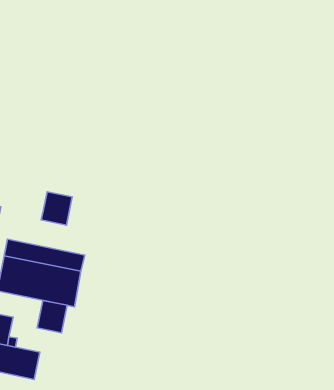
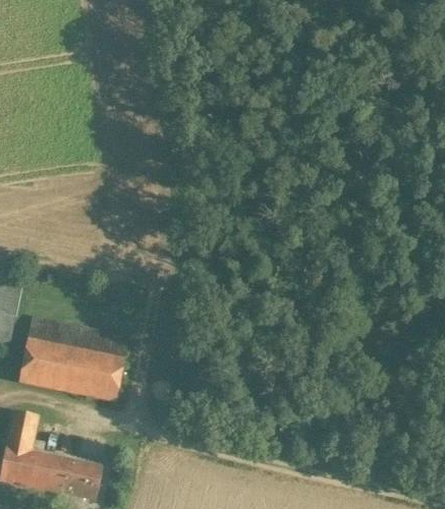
building: [41,192,72,225] -> none
building: [37,300,67,333] -> [65,458,103,499]

